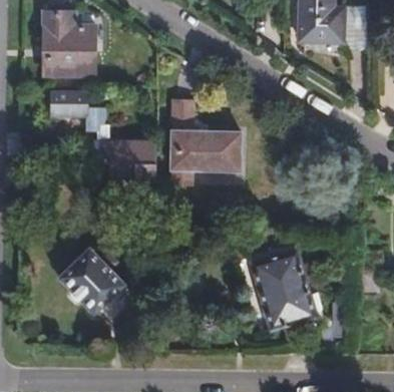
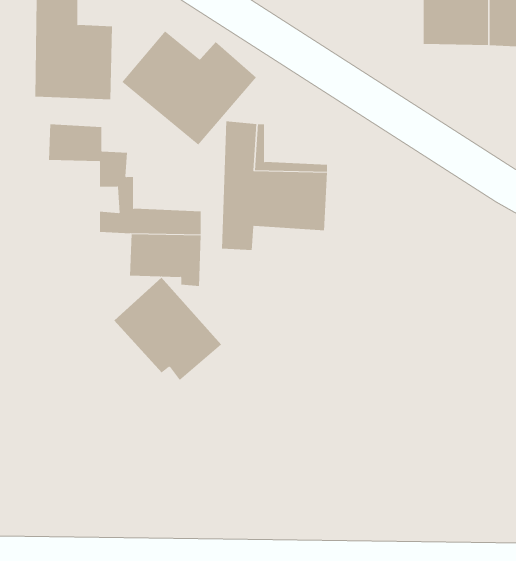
building: none -> [121,30,257,145]
building: [248,252,318,333] -> none
building: [61,255,133,324] -> [113,277,222,381]

